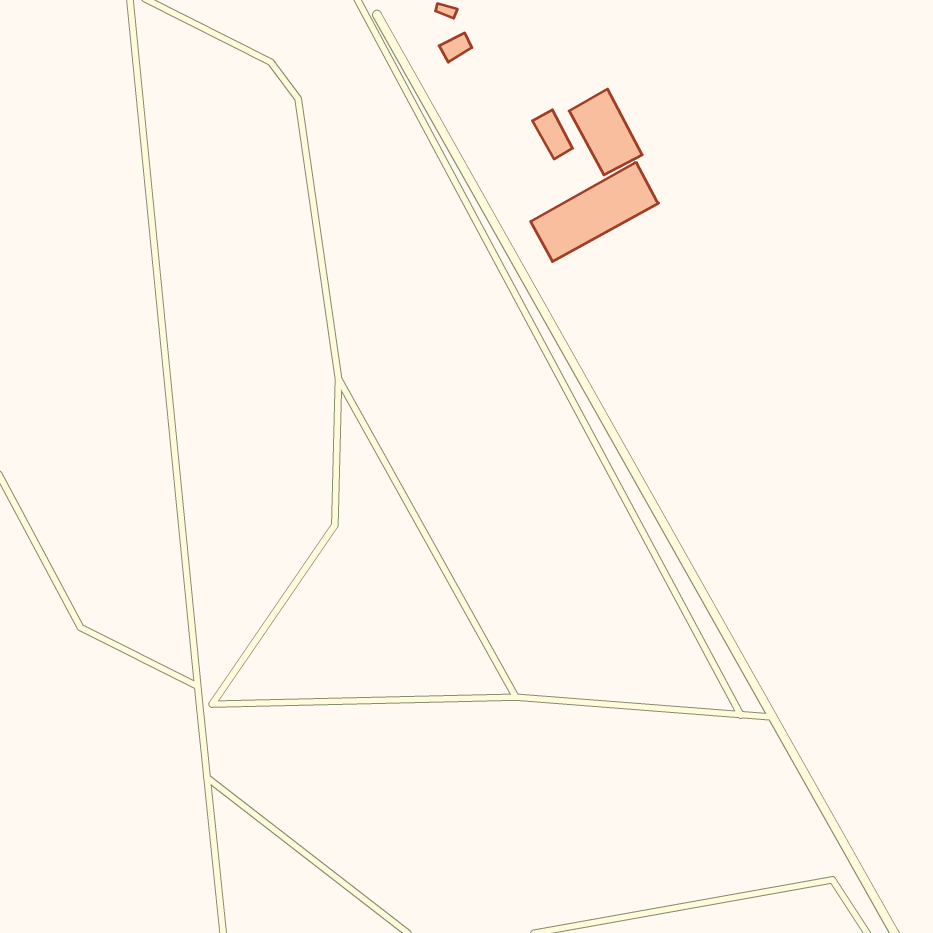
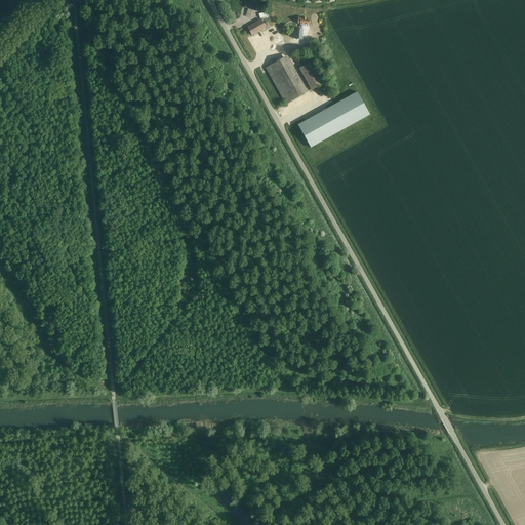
building: [569,89,642,175] -> [266,54,307,103]

